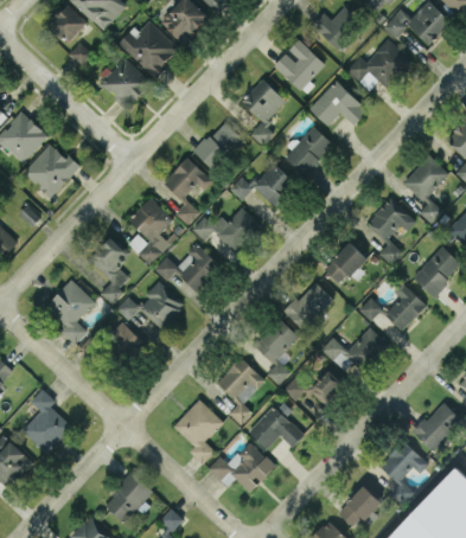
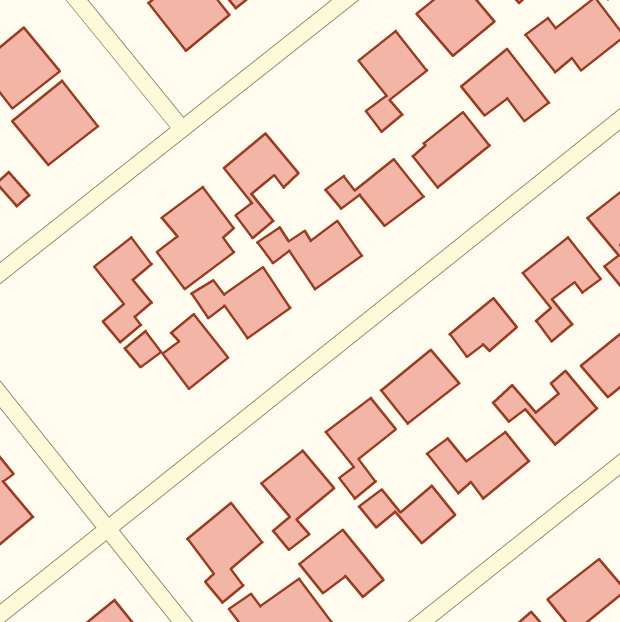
building: [194,121,244,172] -> none
building: [43,280,95,342] -> none
building: [109,324,147,359] -> none

